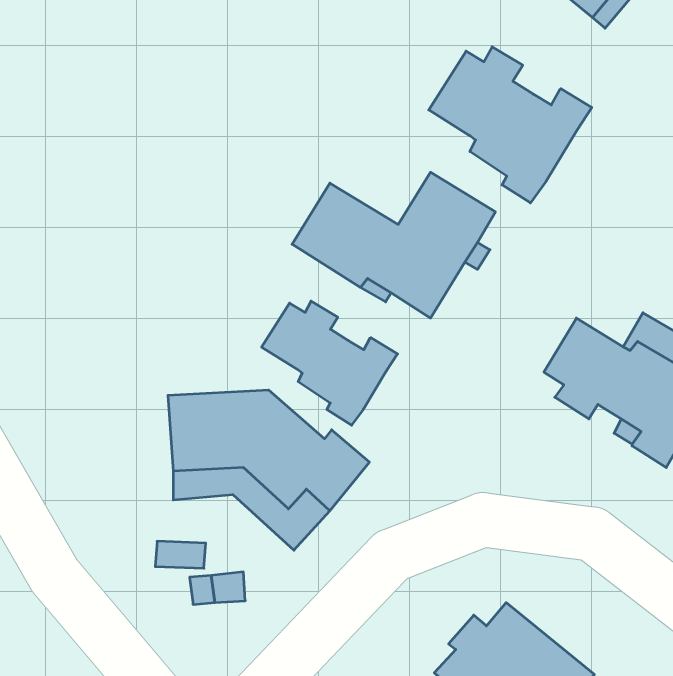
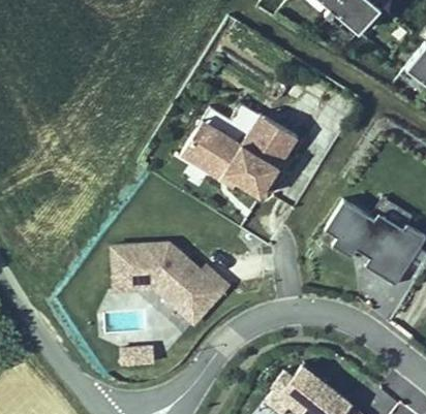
building: [429,47,592,203] -> none
building: [262,301,398,425] -> none

